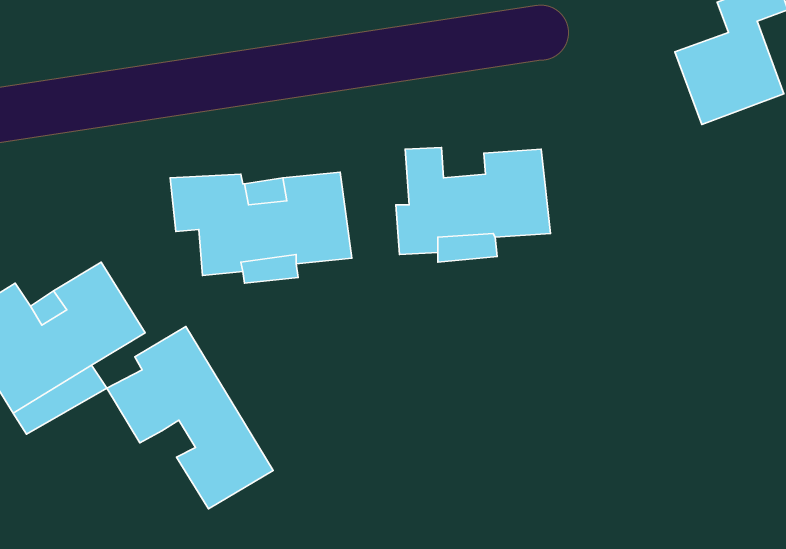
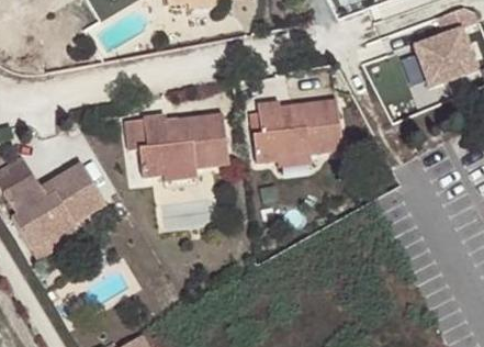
building: [107,326,273,509] -> none

